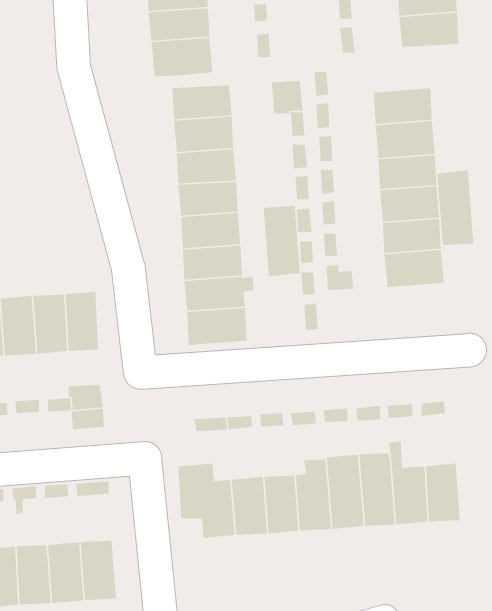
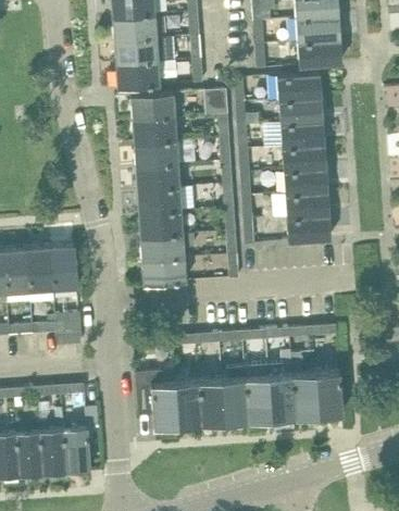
building: none -> [277,74,321,100]
building: [437,169,474,246] -> none
building: [263,205,301,277] -> none

